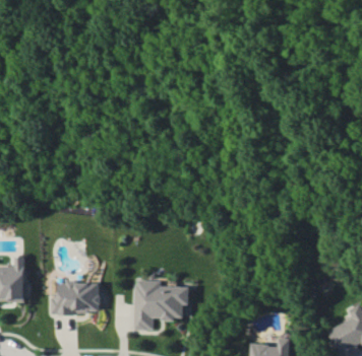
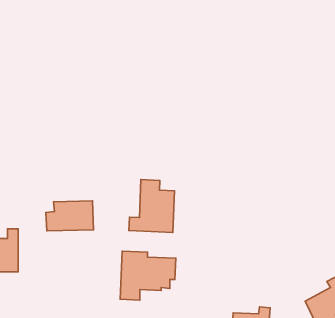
building: none -> [129,180,175,232]
building: [50,282,100,313] -> [46,201,93,231]

